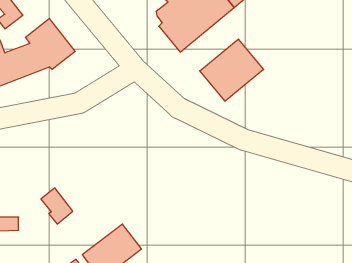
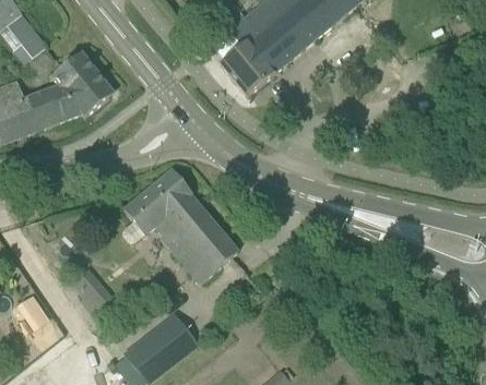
building: [200,39,264,101] -> none
building: none -> [122,169,237,281]

